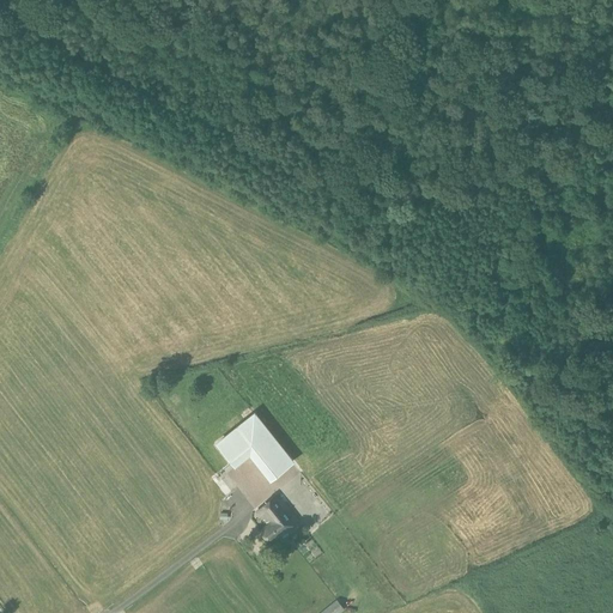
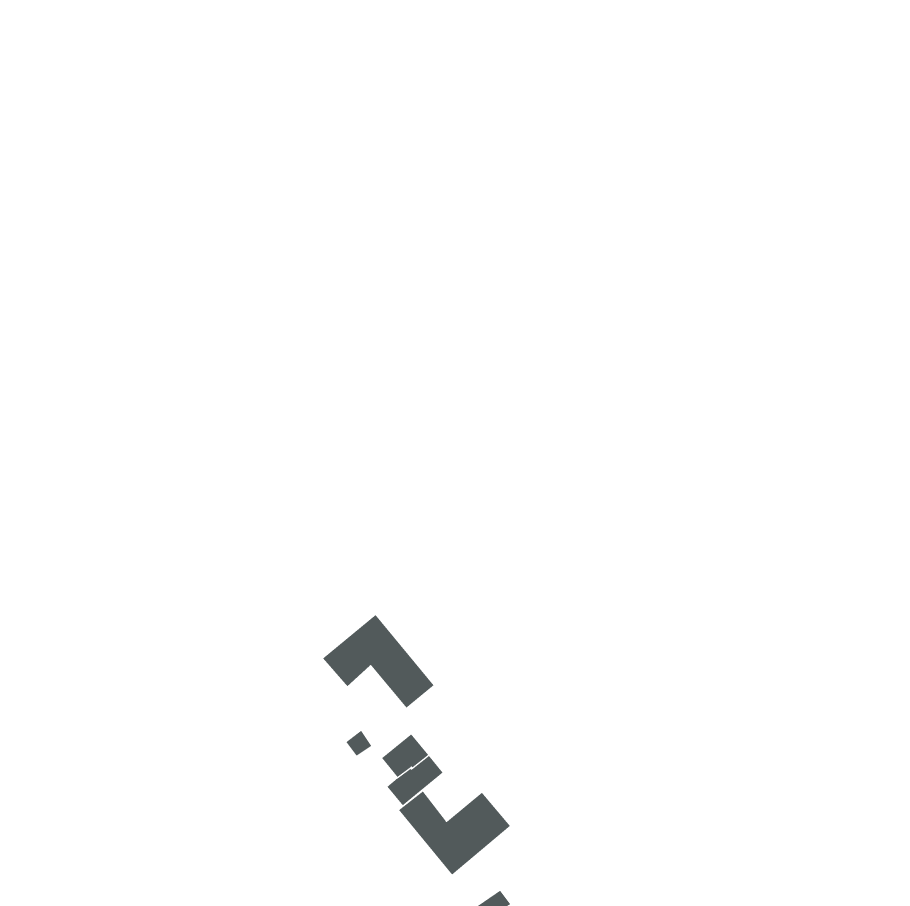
building: none -> [398,791,511,875]

